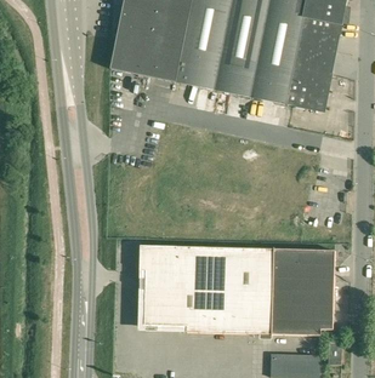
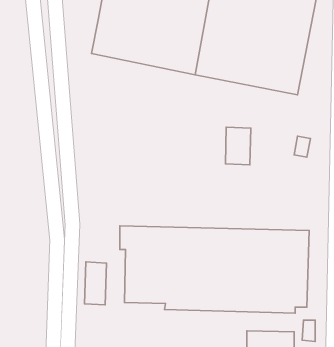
building: none -> [225,127,251,165]
building: none -> [85,262,106,305]

